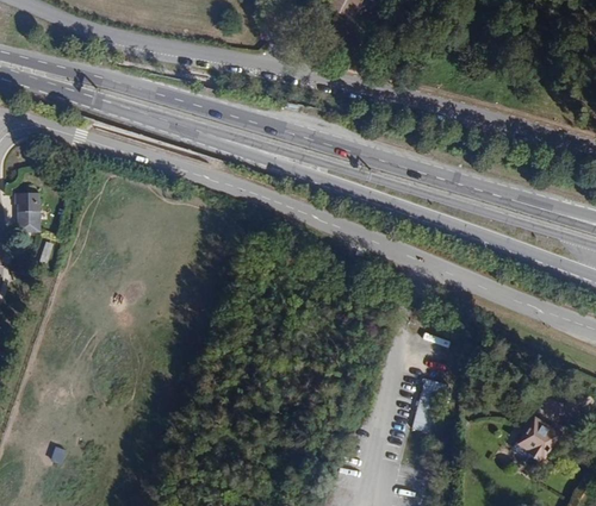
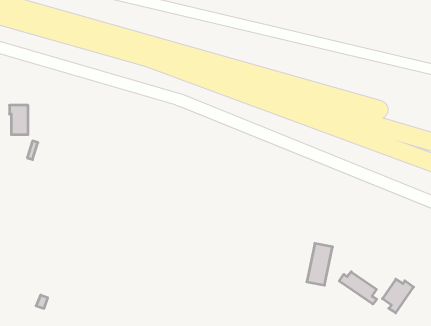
building: none -> [339,272,377,304]

